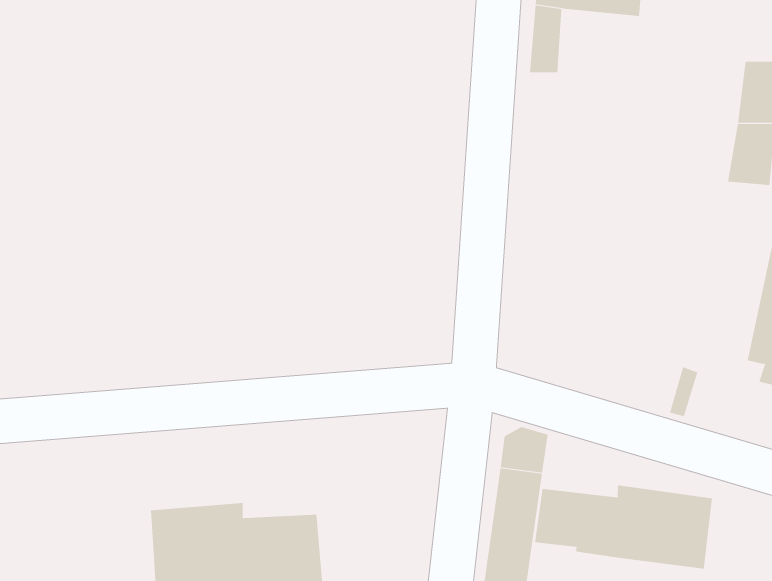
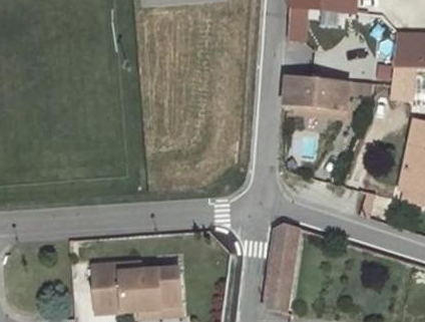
building: none -> [282,75,371,111]
building: [534,485,712,569] -> none

